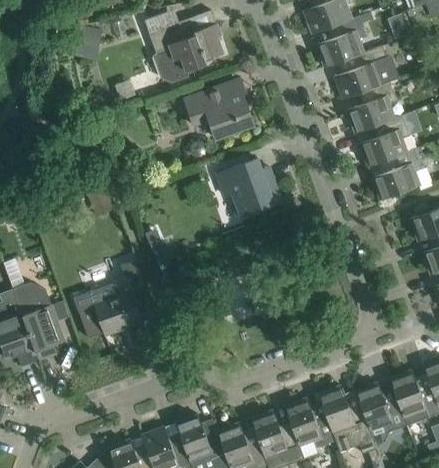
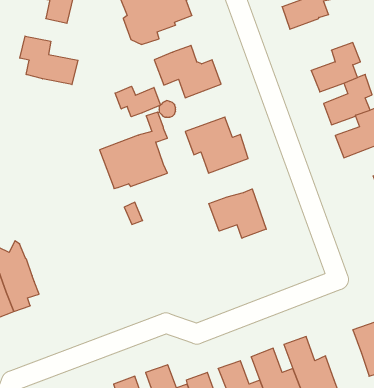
building: [334,45,399,99] -> none
building: none -> [20,36,78,85]
building: none -> [115,86,160,117]
building: none -> [209,189,266,238]
building: [73,258,143,337] -> [100,112,167,189]
building: [355,382,406,433] -> none

